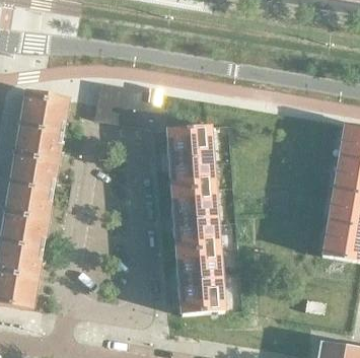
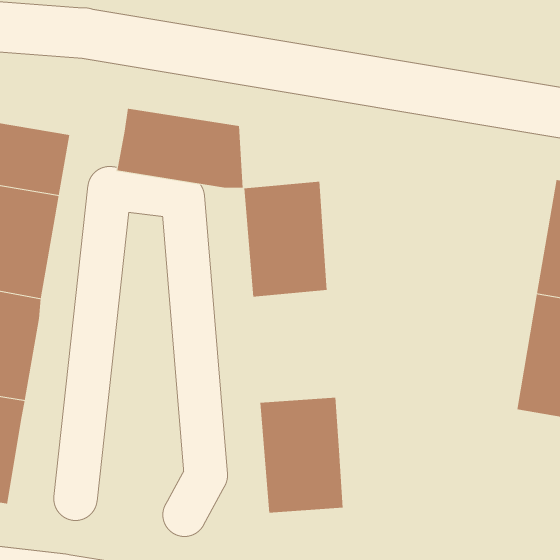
building: [171,187,219,250] -> none

